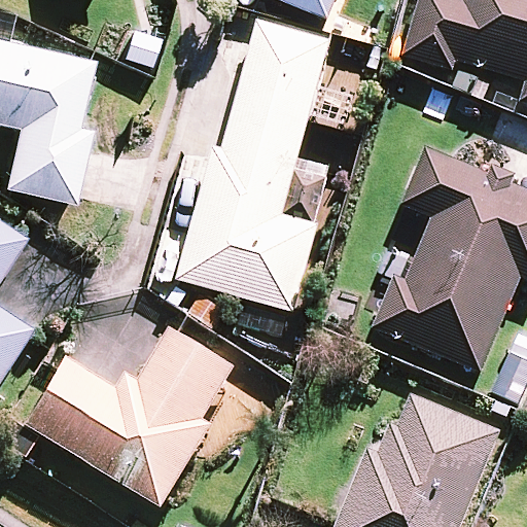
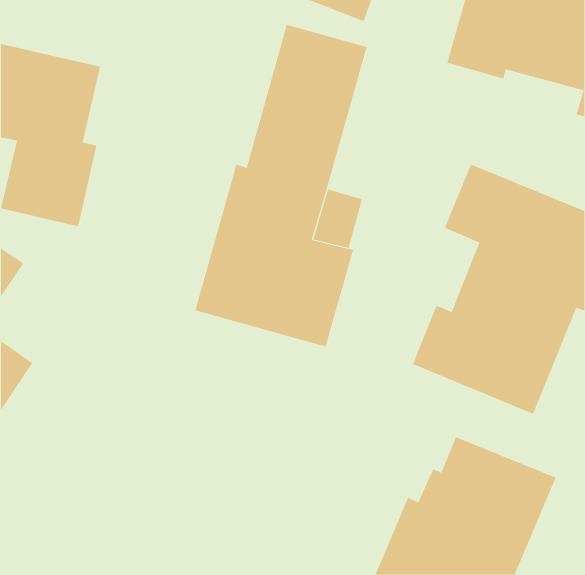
building: [17,327,236,508] -> none

